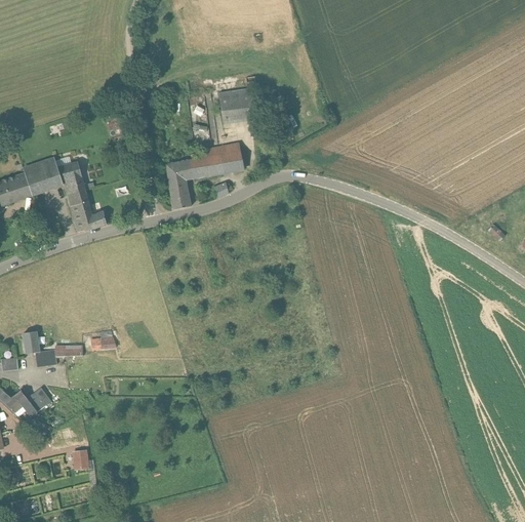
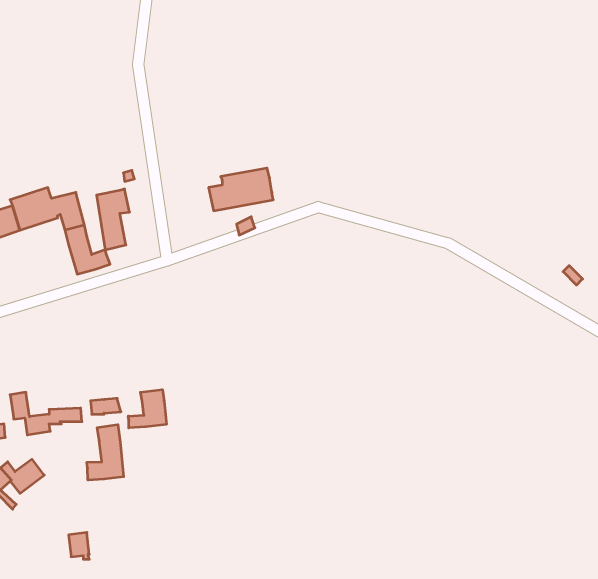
building: [219,86,254,122] -> none
building: [165,159,193,210] -> [97,189,130,250]
building: none -> [128,390,166,428]
building: none -> [87,425,124,480]

